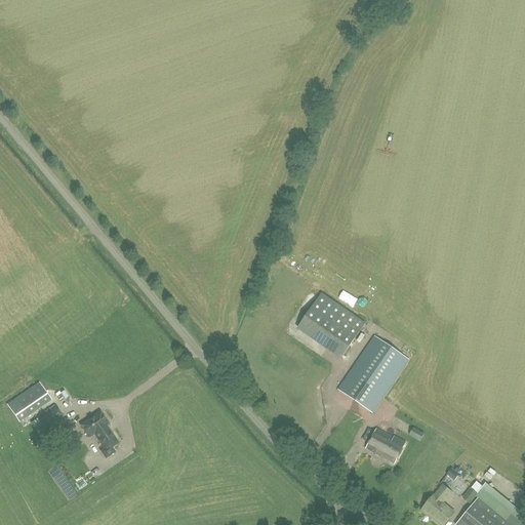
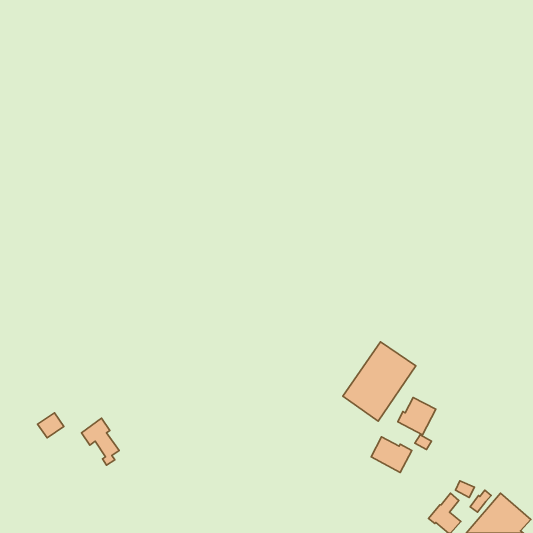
building: [297,292,364,356] -> none
building: [14,381,50,415] -> none
building: none -> [398,397,436,435]

